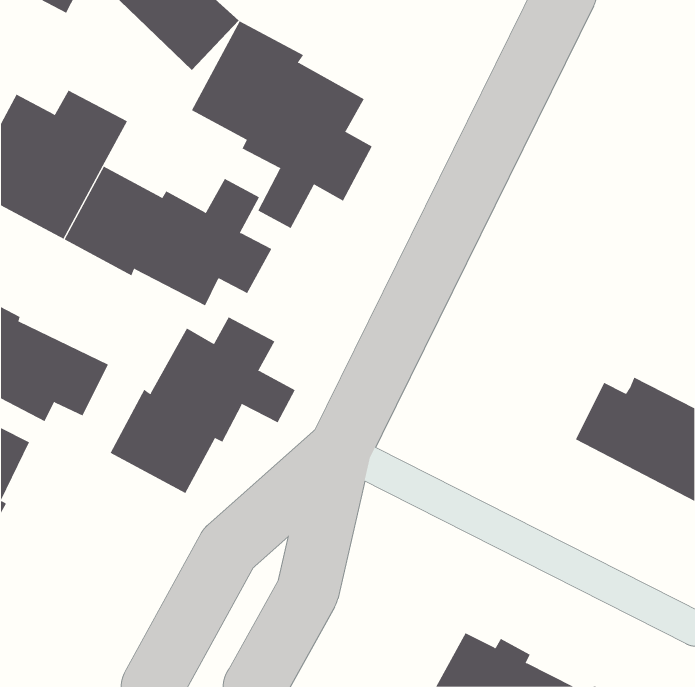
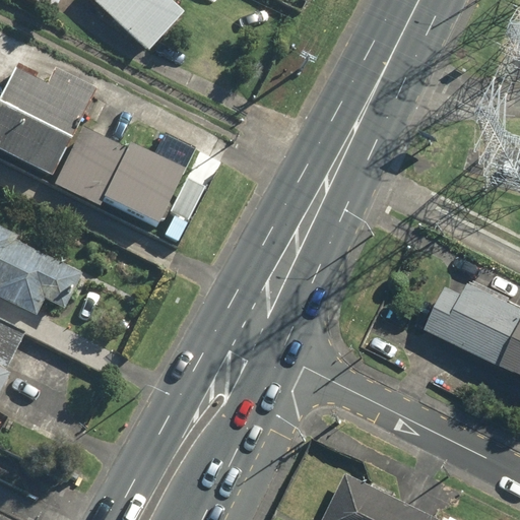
building: [191,20,373,229] -> none
building: [110,317,296,494] -> none

